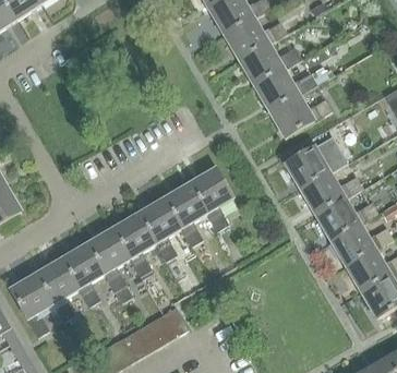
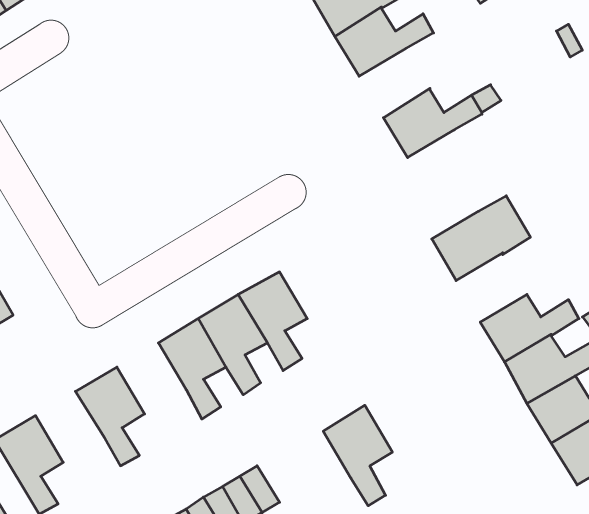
building: [239,44,301,87] -> none
building: [269,95,332,139] -> none
building: [189,168,232,231] -> [323,405,392,506]
building: [300,172,362,216] -> none
building: [86,229,133,303] -> none
building: [35,260,79,322] -> none

